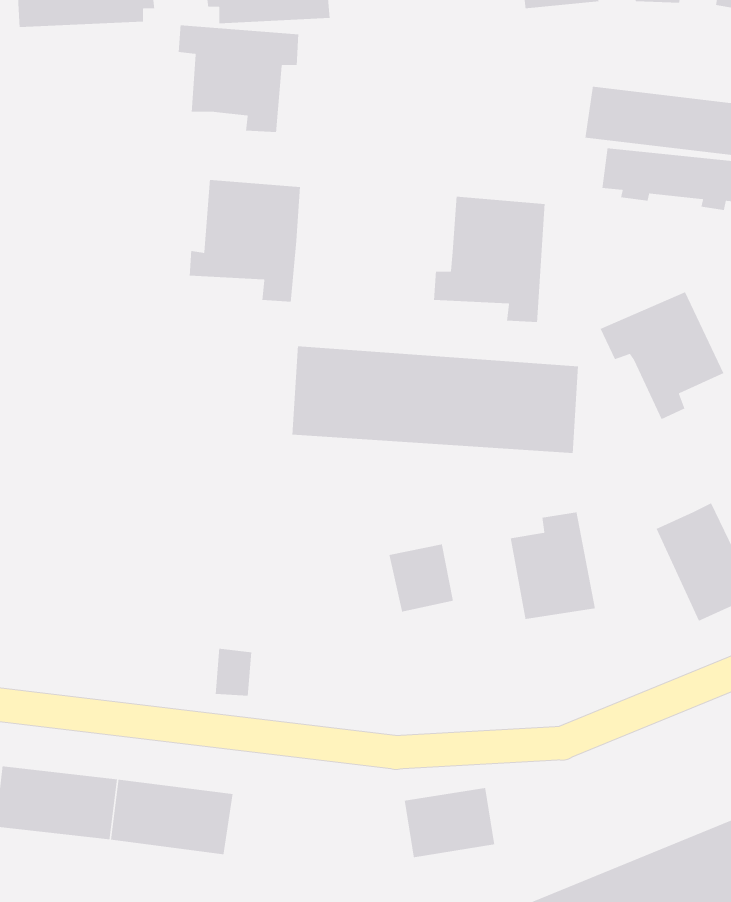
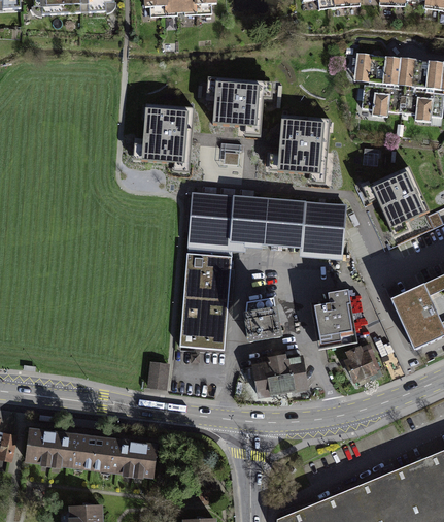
building: [178,25,299,133] -> [206,76,273,136]
building: none -> [180,253,229,351]
building: none -> [345,348,375,380]
building: [404,787,495,858] -> [253,357,304,396]

